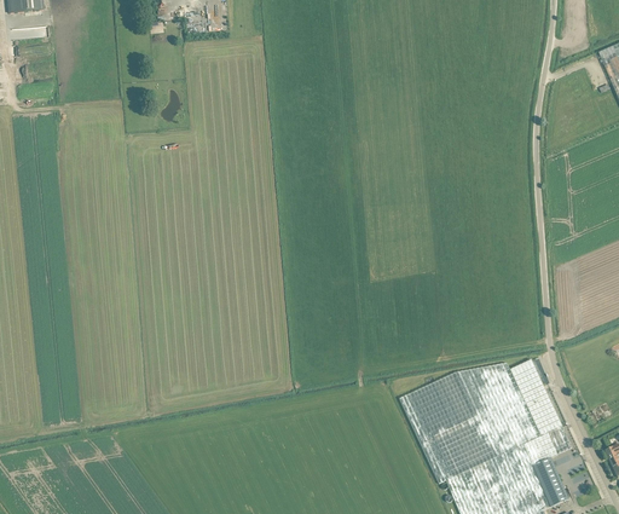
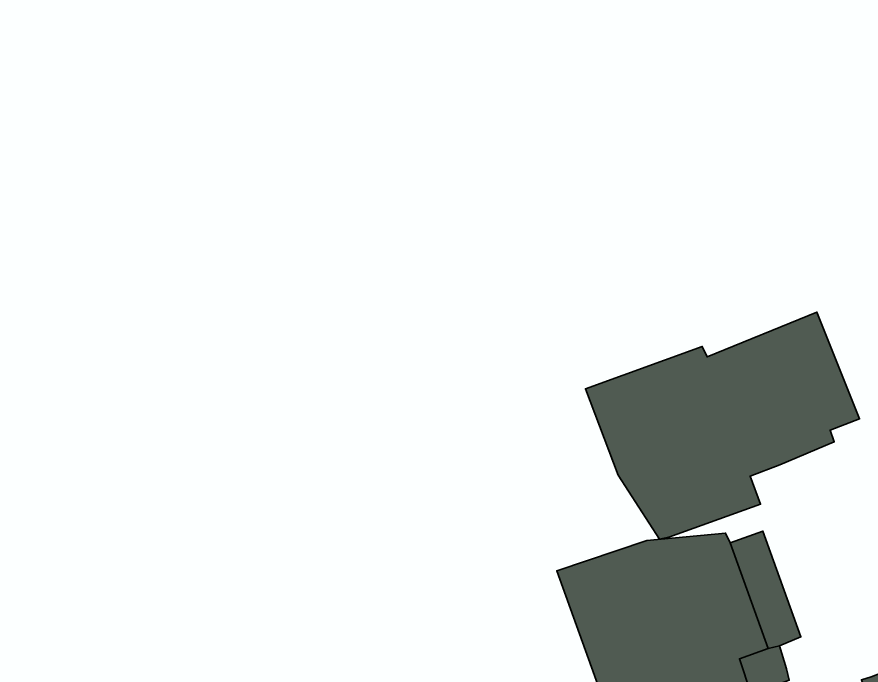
building: none -> [585,312,860,539]

